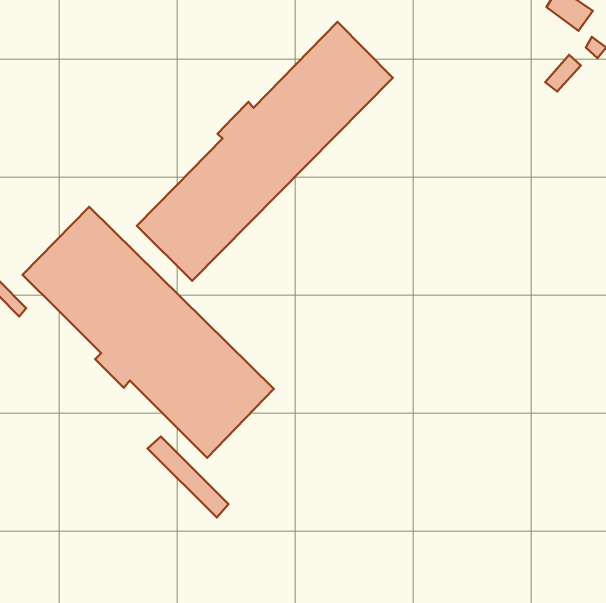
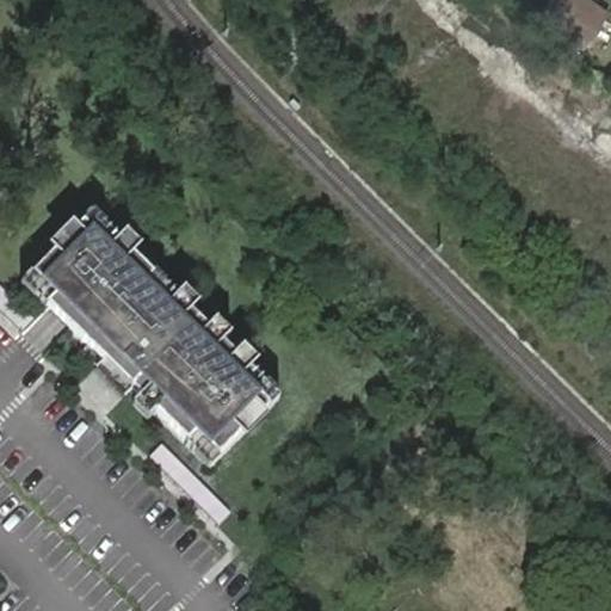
building: [137,22,393,281] -> none

